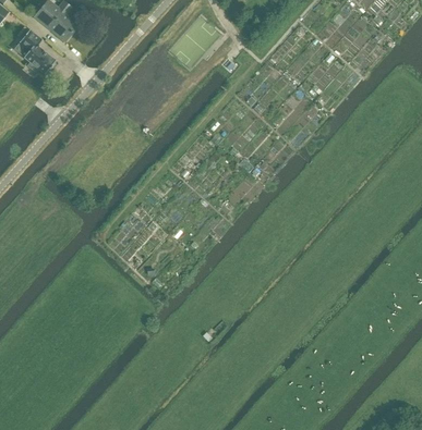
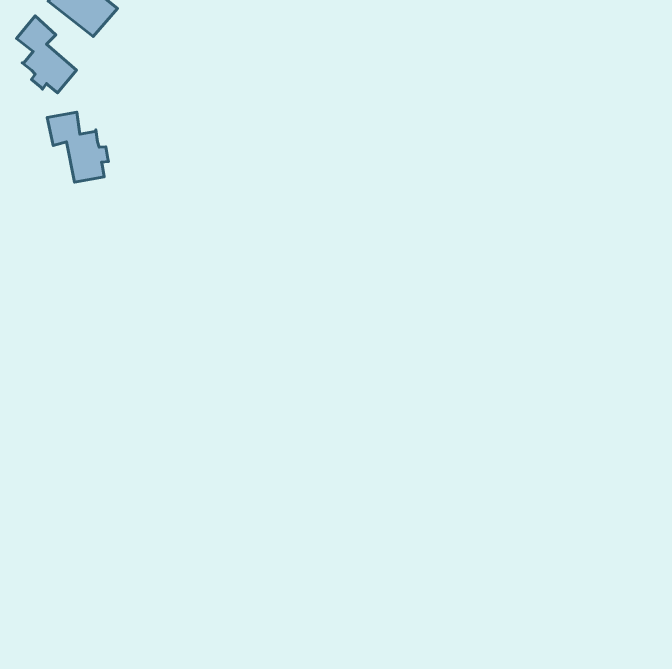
building: none -> [47,112,109,182]

